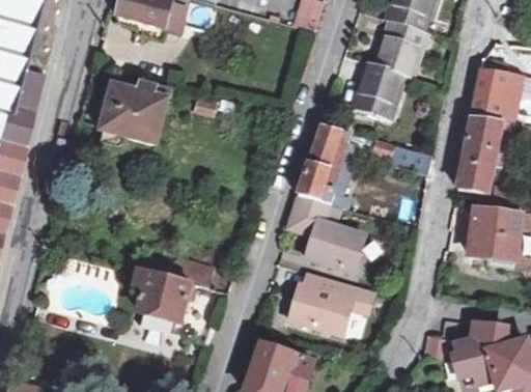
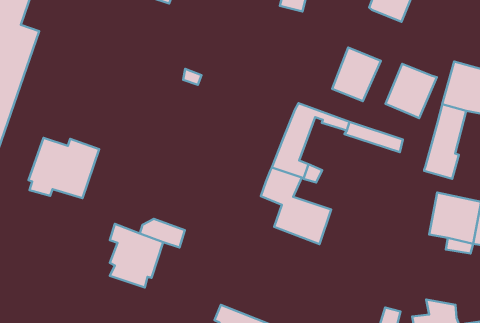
building: [375,21,427,77] -> [385,64,437,118]
building: [100,82,171,143] -> [28,138,99,198]
building: [289,271,372,333] -> none

